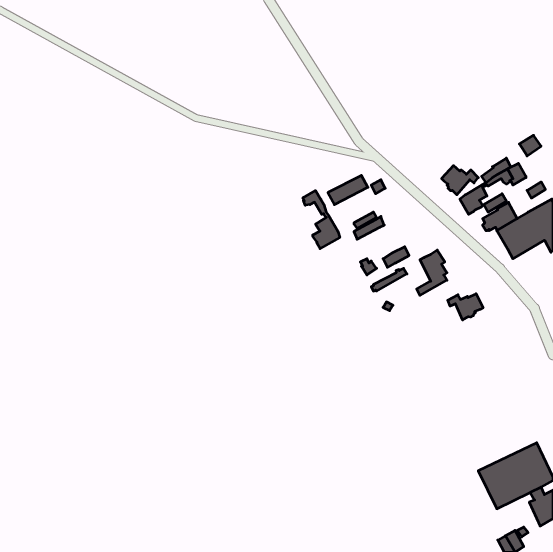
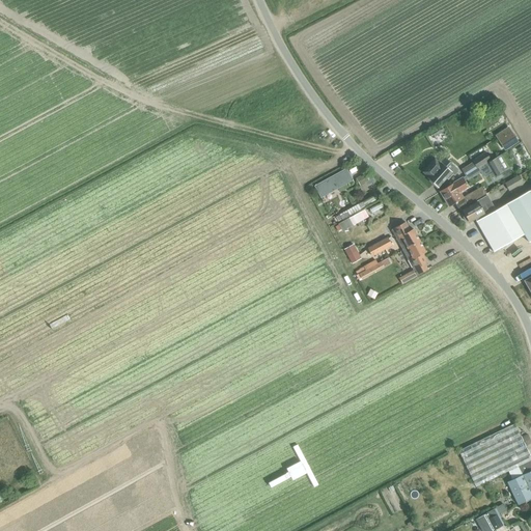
building: [303,191,340,249] -> none
building: none -> [391,222,419,249]
building: [448,294,483,320] -> none

